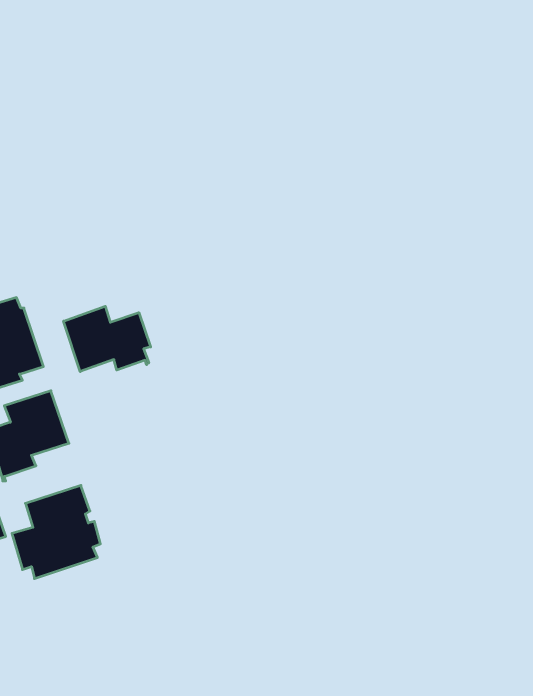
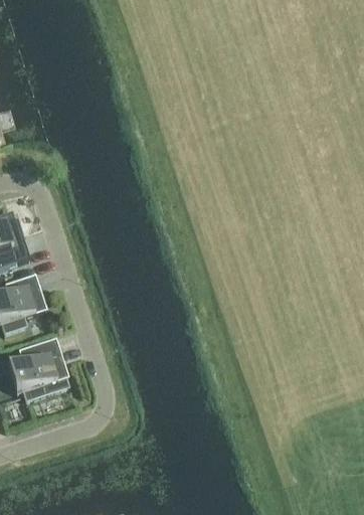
building: [64,306,151,372] -> none

